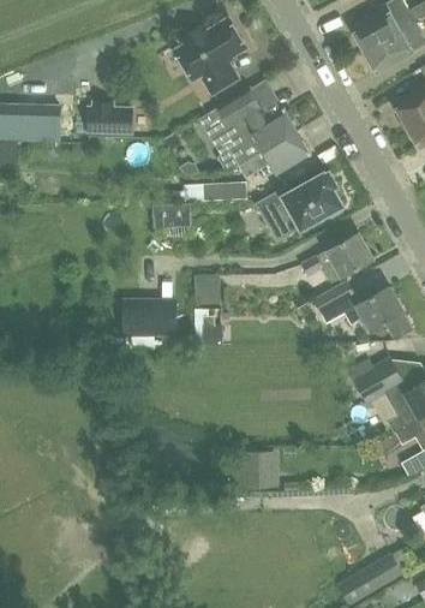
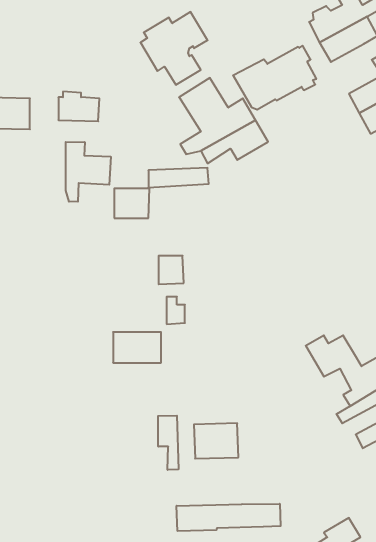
building: none -> [66,142,111,202]
building: [256,171,343,238] -> [233,46,316,110]
building: [301,232,373,282] -> none
building: [313,280,412,335] -> none
building: [125,300,175,333] -> [113,332,161,363]
building: none -> [158,416,178,470]
building: none -> [177,504,281,531]

